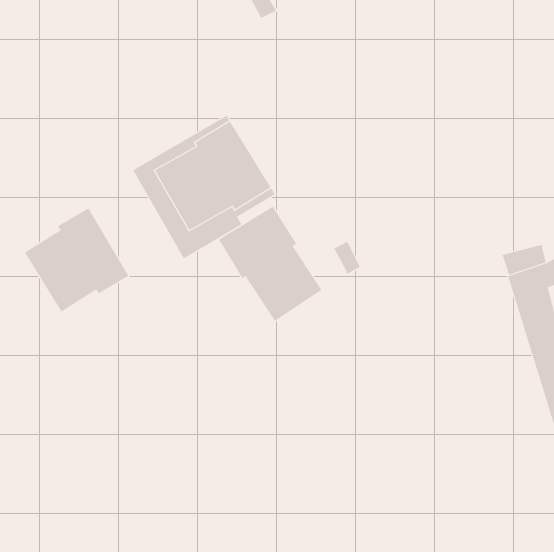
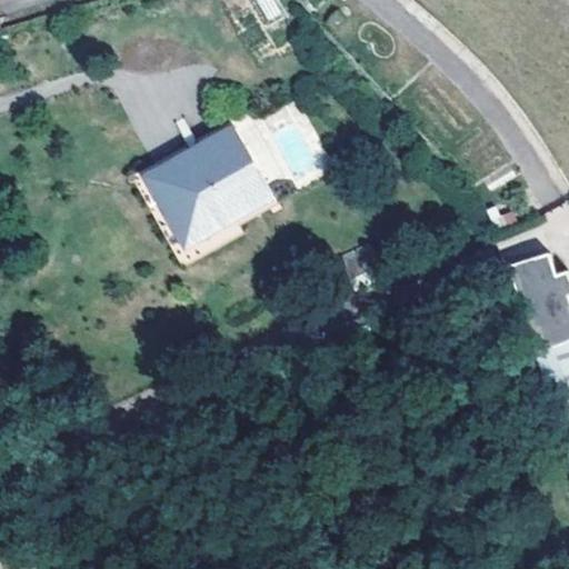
building: [218,206,322,322] -> none
building: [24,207,129,312] -> none

